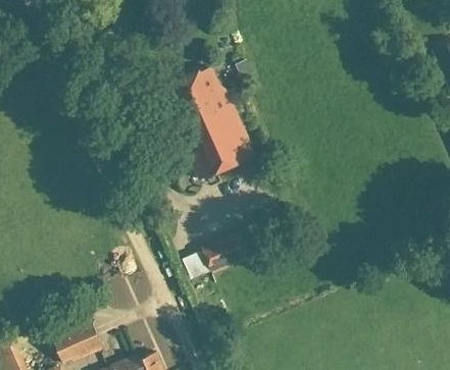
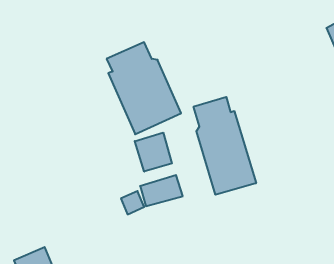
building: none -> [194,97,256,195]
building: none -> [135,133,172,172]

